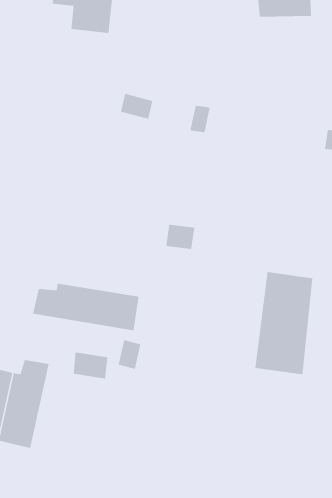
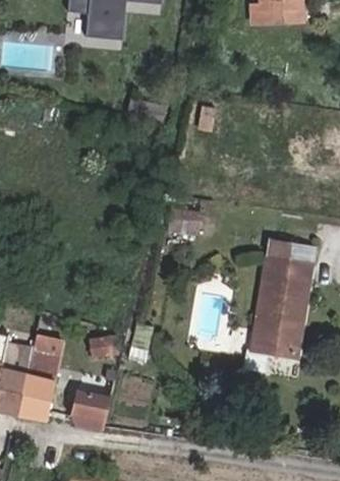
building: none -> [265,237,308,264]
building: [33,283,139,331] -> none
building: none -> [75,375,112,430]

